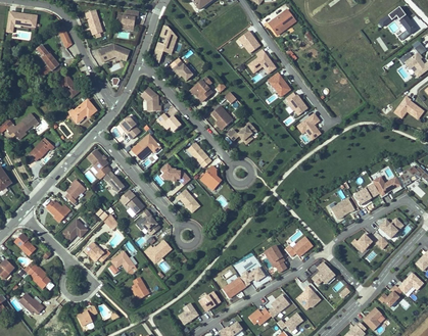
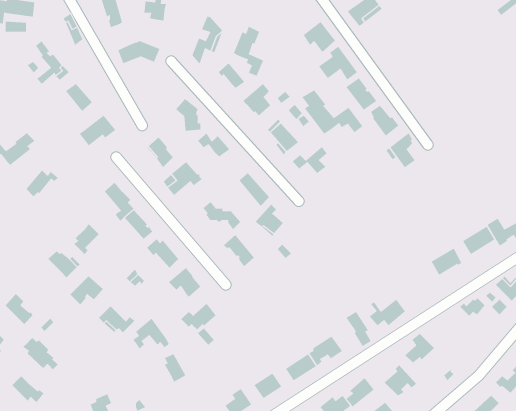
building: none -> [233,26,264,77]
building: none -> [302,89,363,134]

